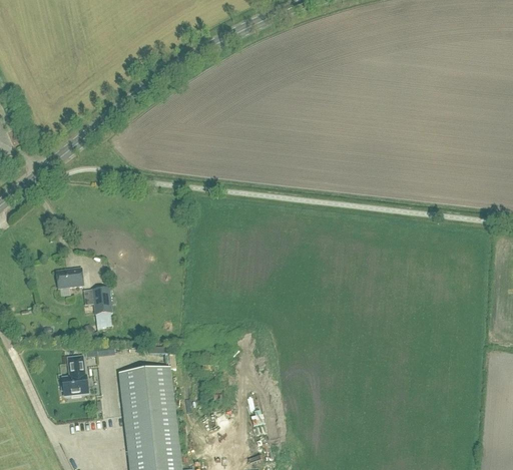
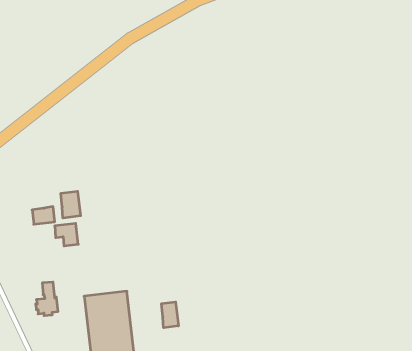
building: none -> [61,191,81,218]
building: none -> [162,302,178,328]

